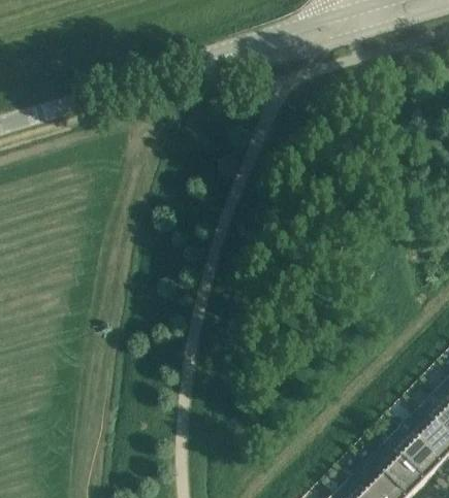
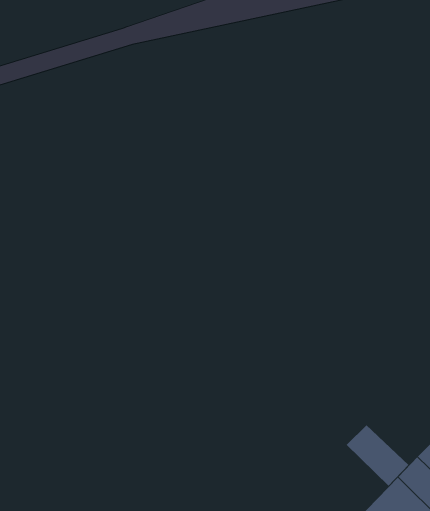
building: none -> [346,425,409,486]

